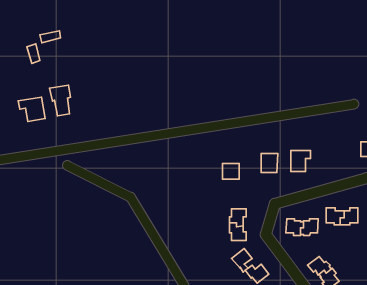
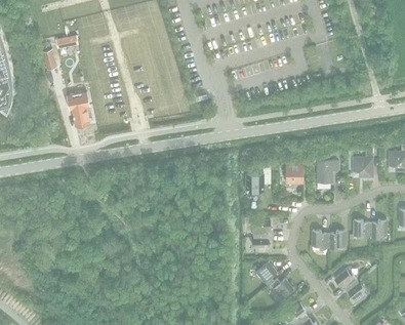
building: [18,97,45,122] -> none
building: none -> [354,150,373,176]

